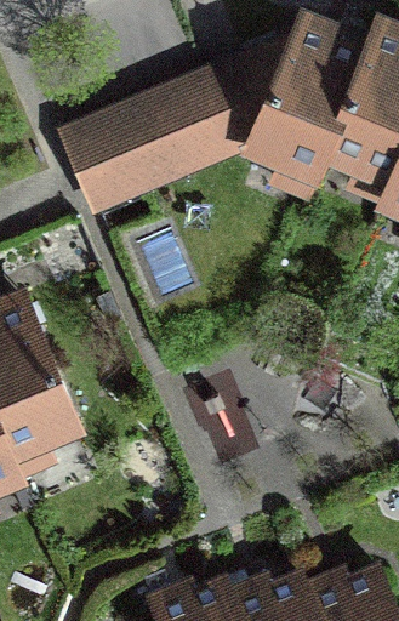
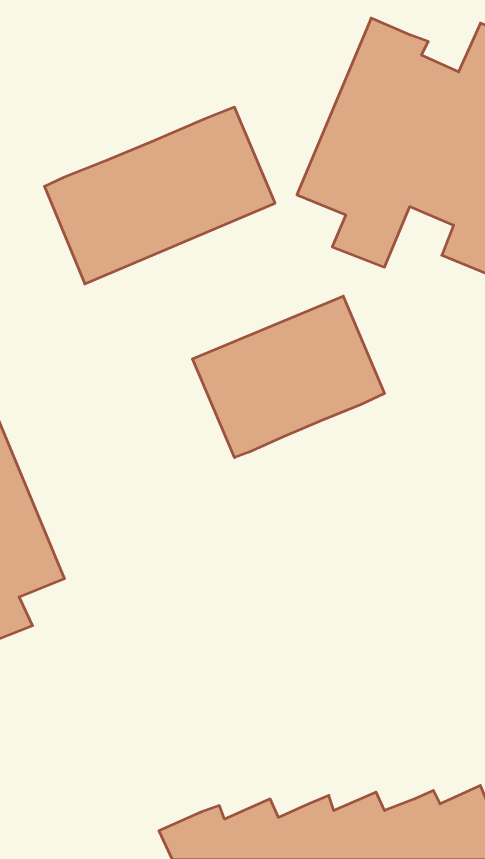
building: none -> [192,296,384,458]

